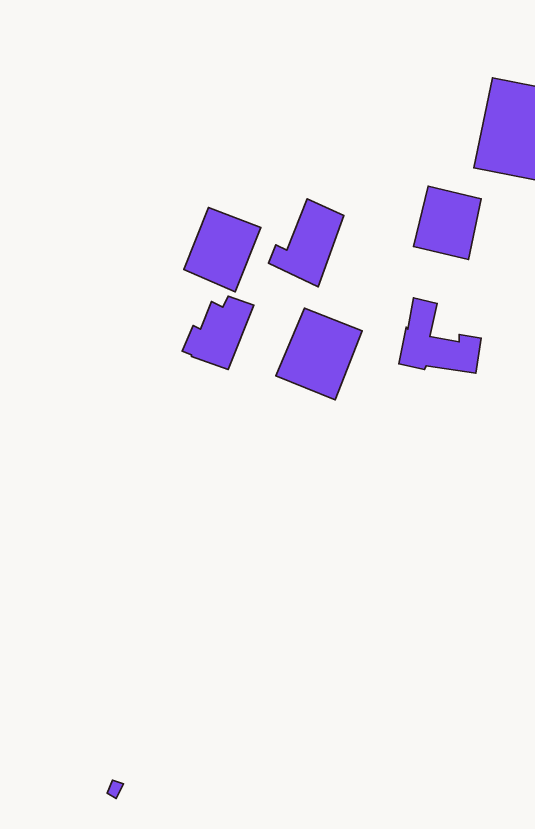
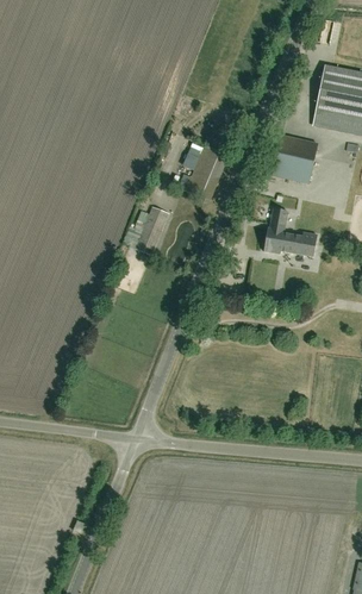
building: [184,207,261,292] -> none
building: [276,308,362,400] -> none

